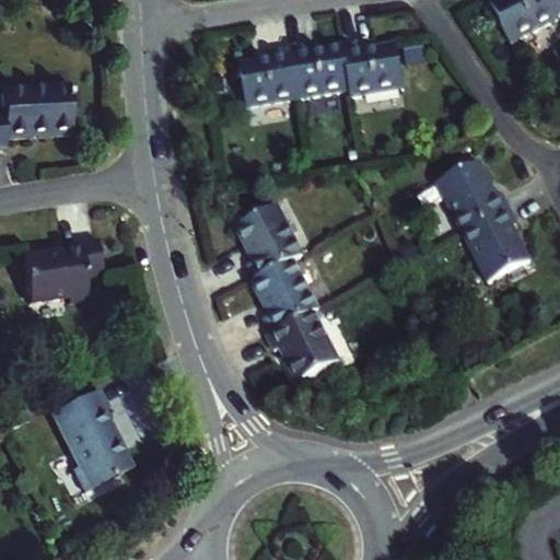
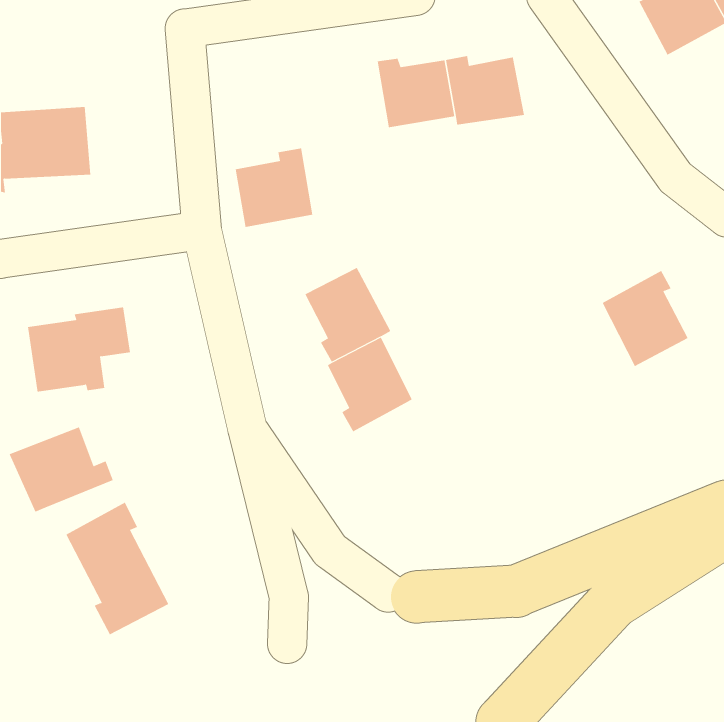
building: [241,47,301,108] -> [235,148,313,228]
building: [439,162,511,233] -> none
building: [268,311,340,382] -> none
building: none -> [9,426,113,512]

